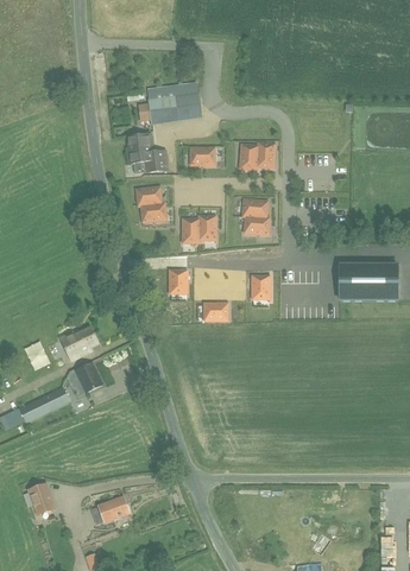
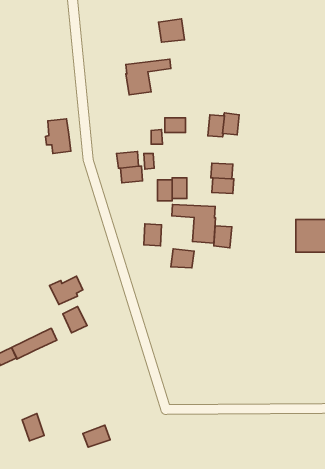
building: [172,93,202,119] -> [158,19,185,42]
building: [127,133,156,172] -> [46,119,71,153]
building: none -> [172,204,216,243]

